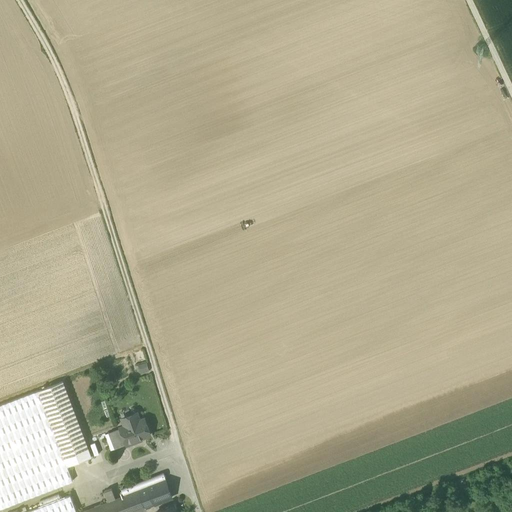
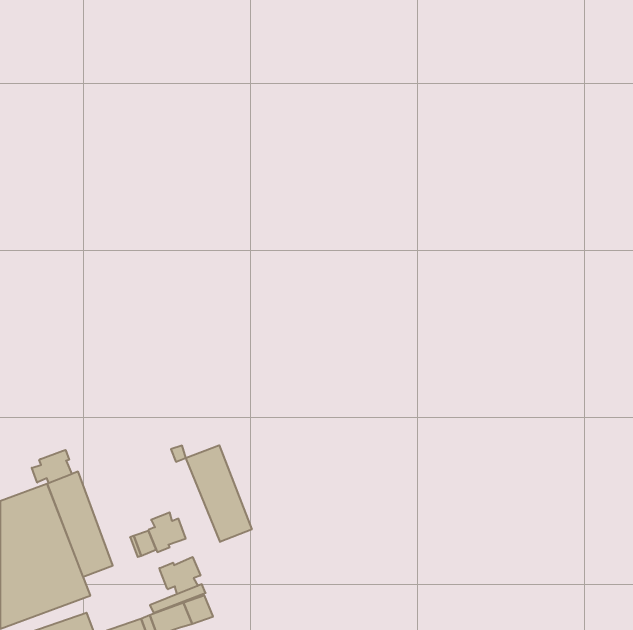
building: none -> [186,445,252,542]
building: none -> [32,450,72,483]
building: none -> [159,557,200,594]

